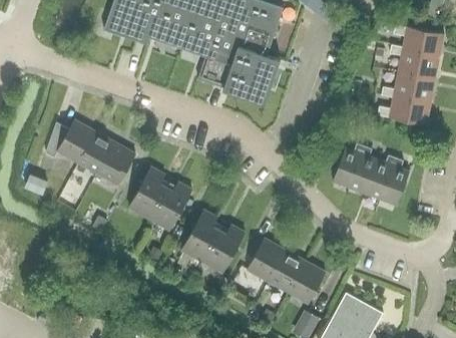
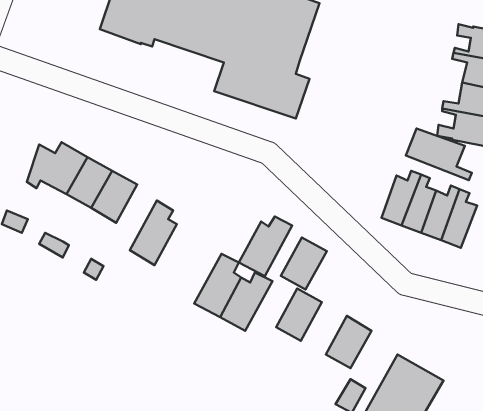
building: none -> [406,128,472,180]
building: [149,183,192,231] -> [239,217,292,276]
building: [268,250,305,292] -> [281,237,327,289]

